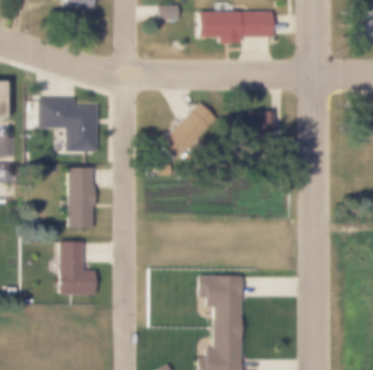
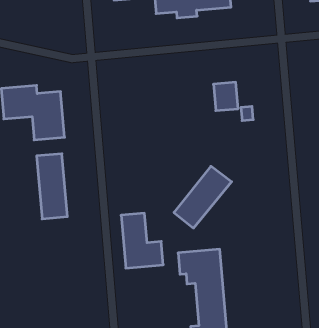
building: [160,102,219,162] -> [174,166,232,228]
building: [60,241,97,293] -> [121,213,163,268]

